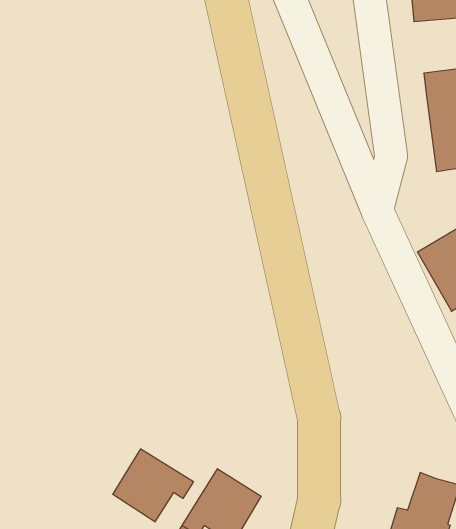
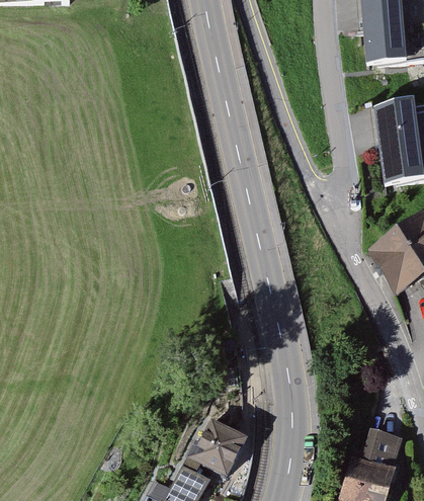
building: [113,449,193,522] -> none

